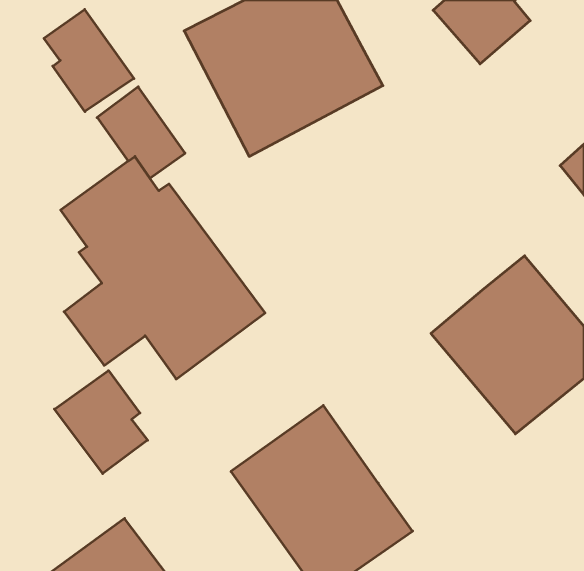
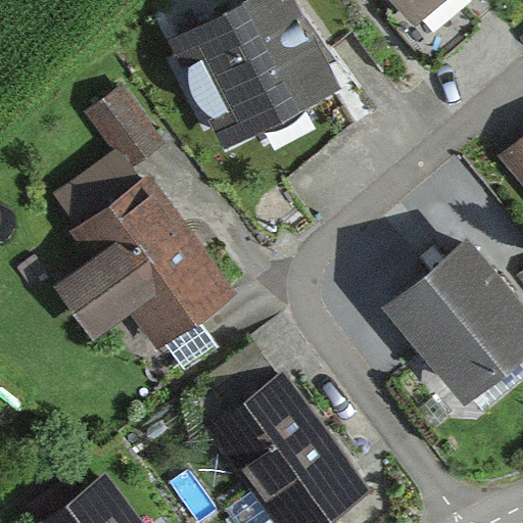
building: [44,9,134,112] -> none
building: [54,371,148,474] -> none

